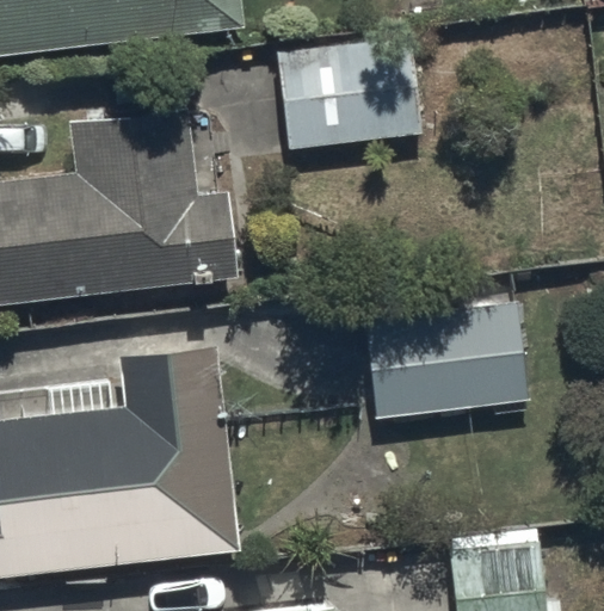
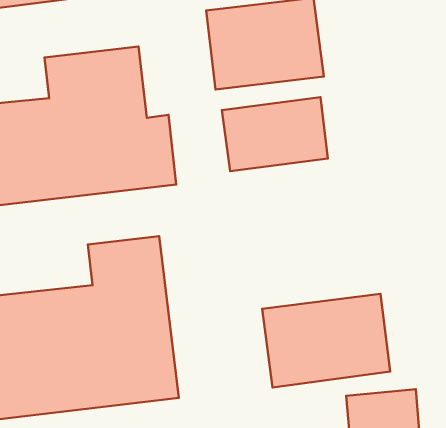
building: none -> [222,97,328,171]
building: [364,303,526,422] -> [262,294,390,388]

